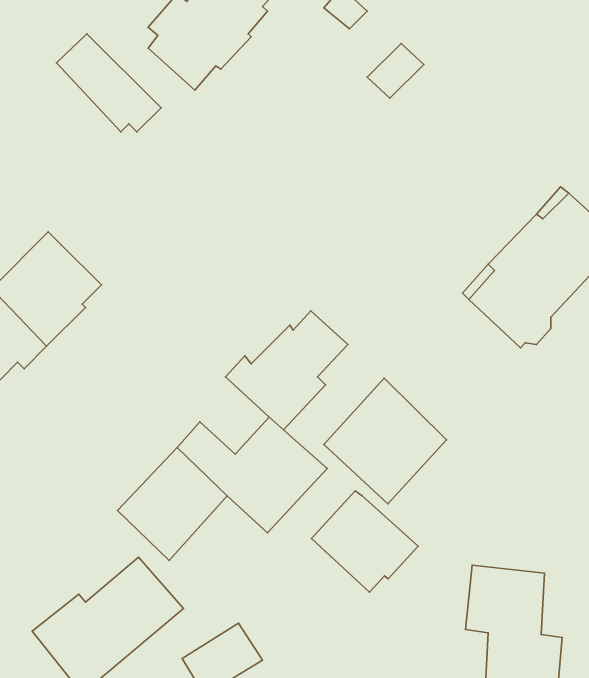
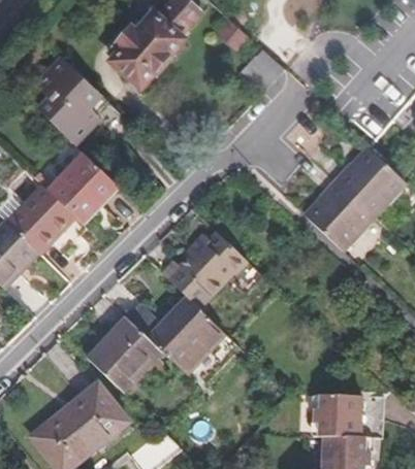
building: none -> [40,70,94,137]
building: none -> [51,150,121,219]
building: [324,378,447,504] -> none
building: [311,491,418,592] -> none

